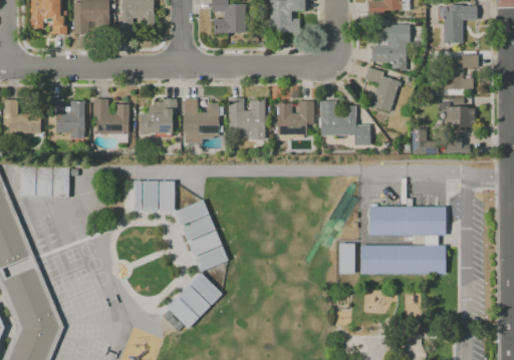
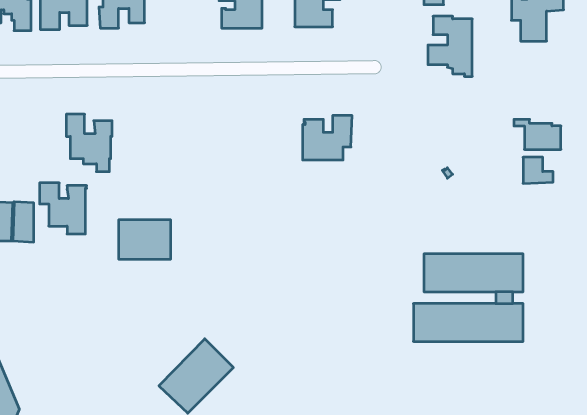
building: [444,55,478,89] -> none
building: [365,67,400,111] -> none
building: [182,98,219,143] -> none
building: [228,98,266,139] -> none
building: [49,99,85,138] -> [40,183,87,234]
building: [141,99,177,133] -> none
building: [319,100,370,145] -> none
building: [413,128,438,153] -> none
building: [176,201,228,272] -> none
building: [339,244,355,274] -> none

